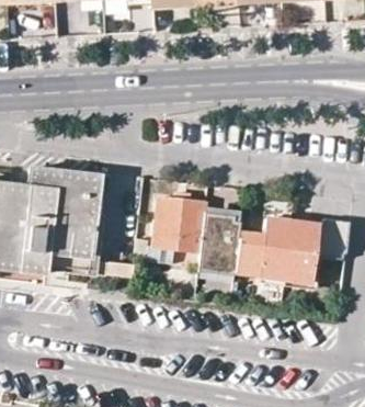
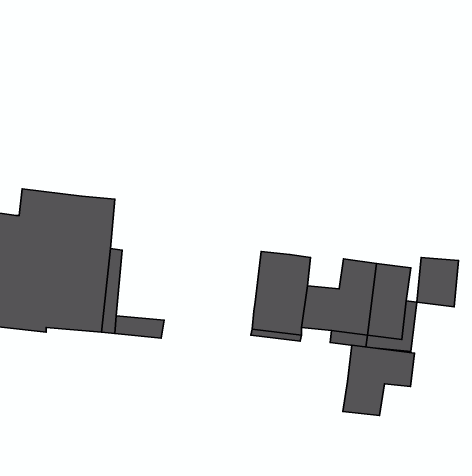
building: [133,197,205,263] -> none
building: none -> [343,345,414,415]

